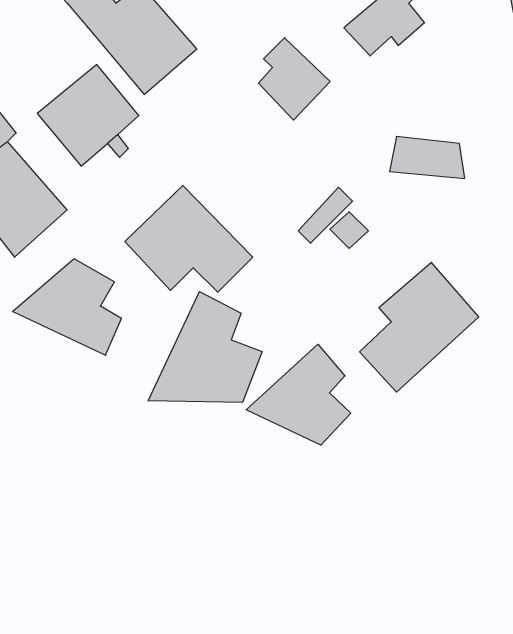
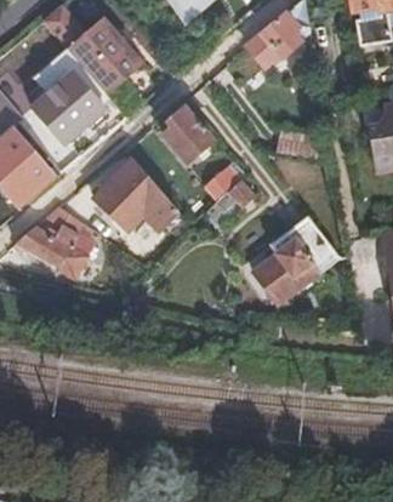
building: [258,38,330,120] -> [165,110,215,167]
building: [148,292,262,402] -> none
building: [246,344,351,445] -> none

